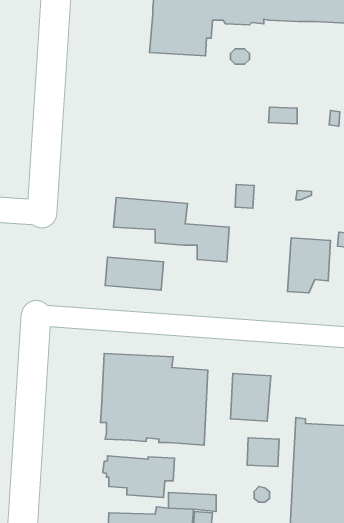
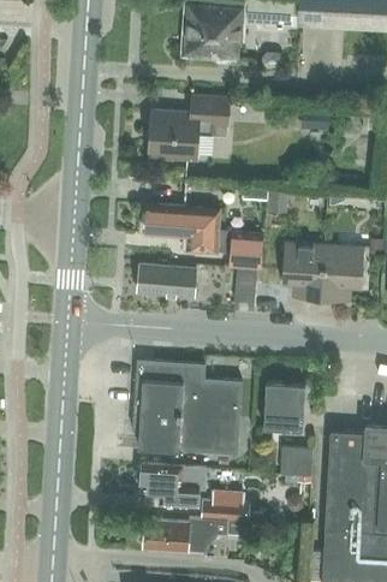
building: none -> [149,99,231,166]
building: none -> [281,243,325,299]
building: none -> [233,272,257,304]

